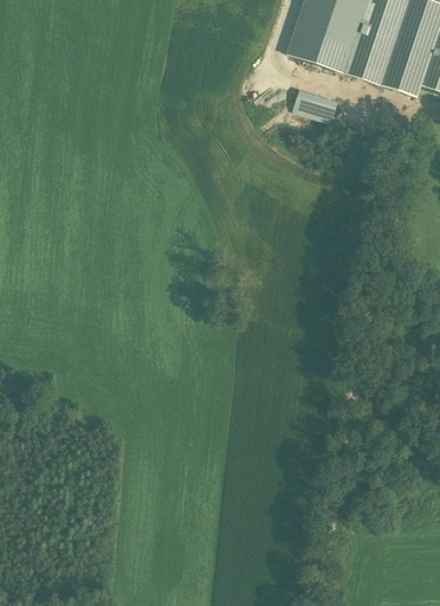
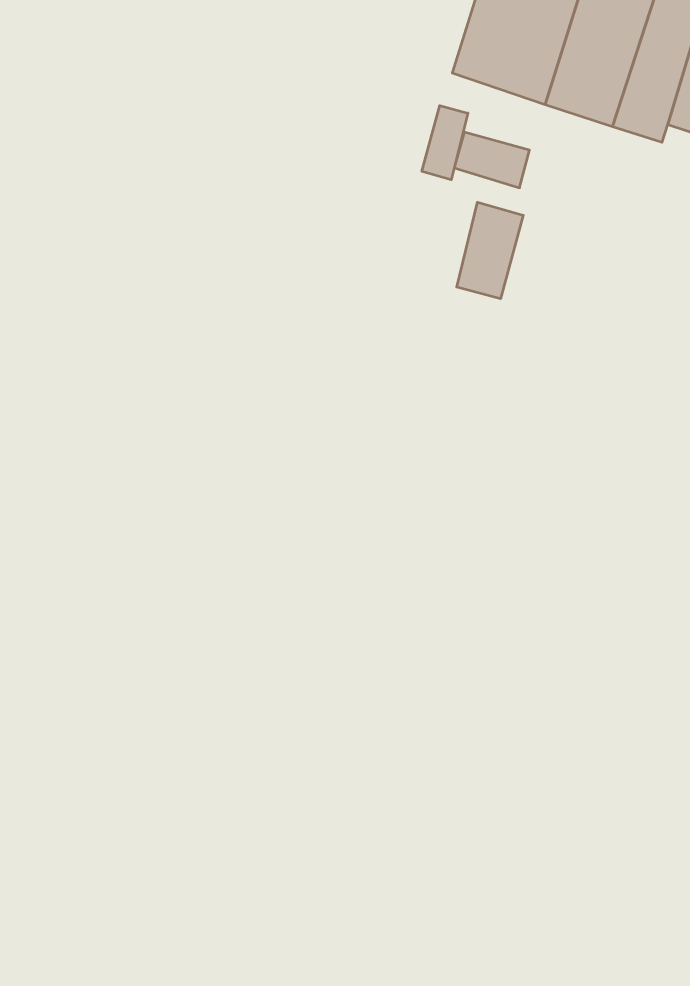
building: none -> [422,106,468,180]
building: none -> [457,202,523,299]

